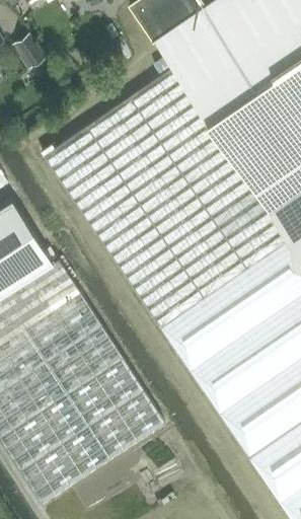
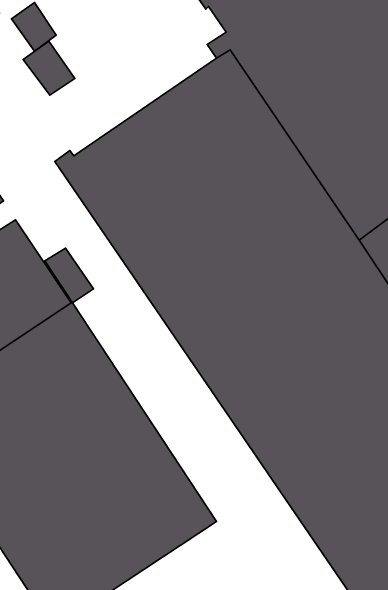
building: none -> [23,41,75,95]
building: none -> [45,248,94,303]

